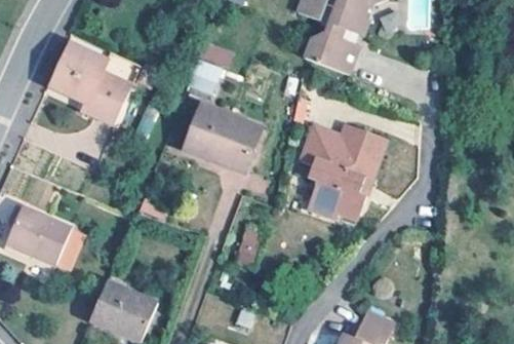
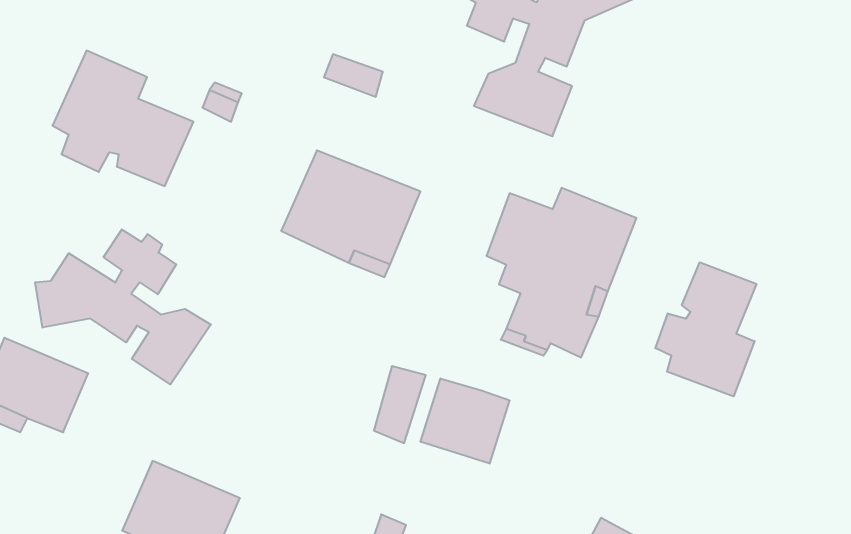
building: none -> [35,229,211,384]
building: none -> [655,262,756,396]
building: none -> [420,378,510,464]

